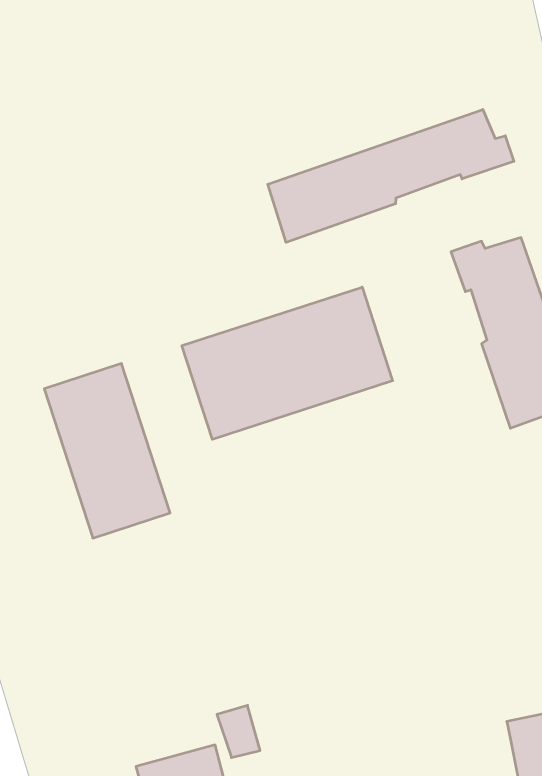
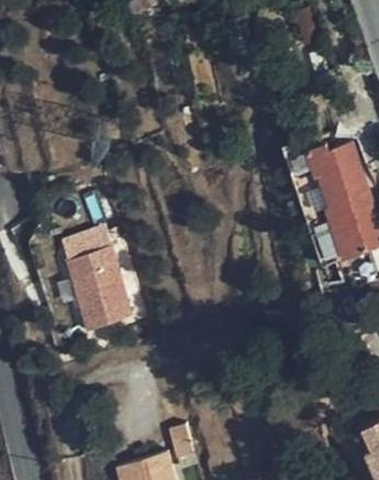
building: [268,109,514,242] -> none
building: [182,287,393,439] -> none

